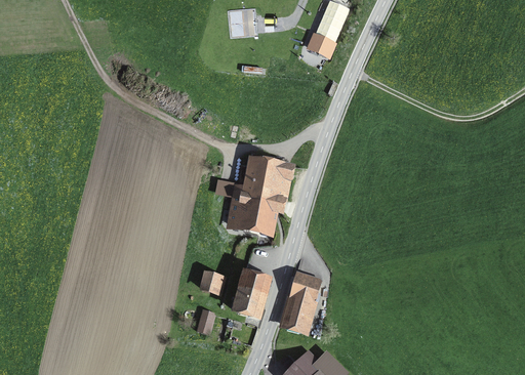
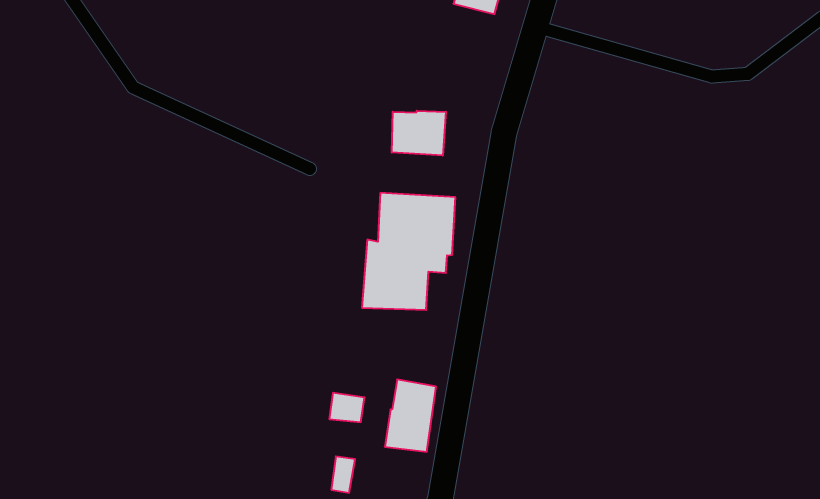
building: none -> [392,111,446,156]
building: [284,277,318,332] -> none

